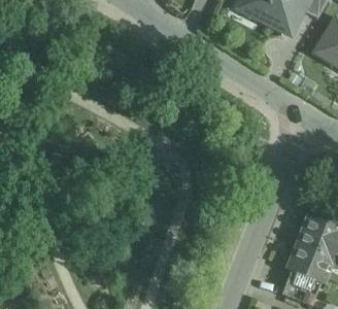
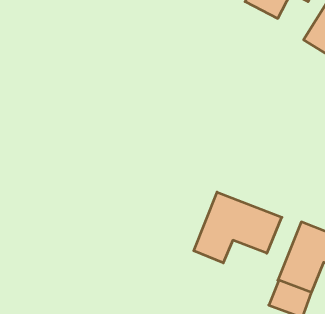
building: none -> [194,192,282,263]

